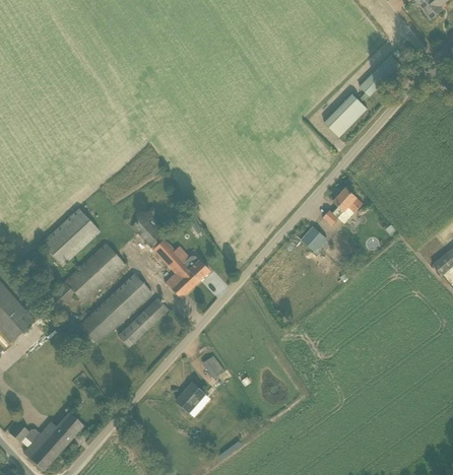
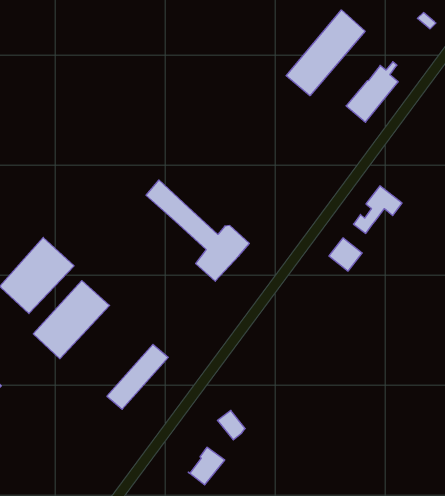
building: none -> [286,10,365,96]
building: [131,214,209,297] -> [146,180,249,281]
building: [79,273,152,343] -> none

